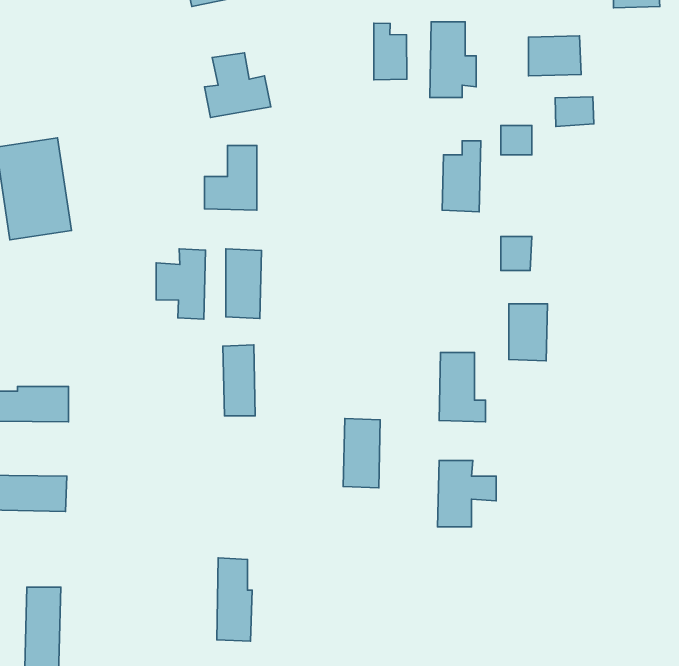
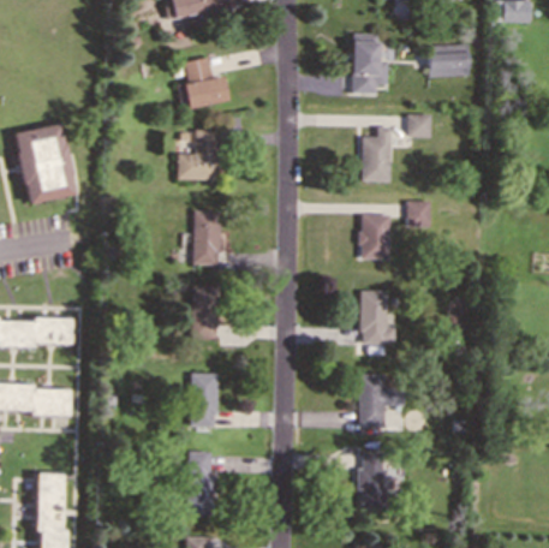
building: [374,23,407,80] -> none
building: [555,97,594,126] -> none
building: [156,249,205,319] -> none
building: [509,304,548,361] -> [362,215,392,260]
building: [343,418,380,488] -> [190,373,219,427]
building: none -> [359,452,388,510]

